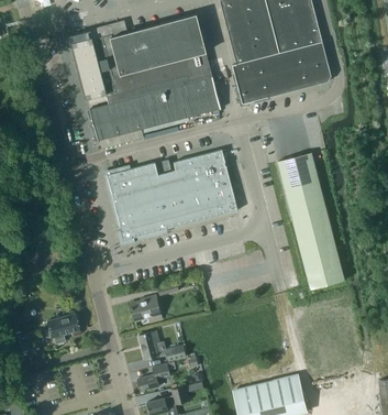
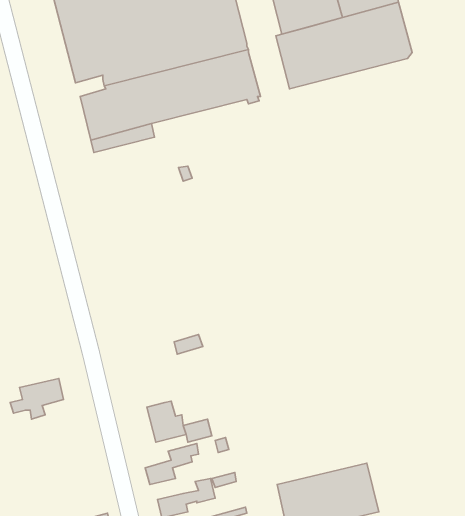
building: [107,149,237,239] -> none
building: [278,152,345,288] -> none
building: [131,295,162,323] -> none

